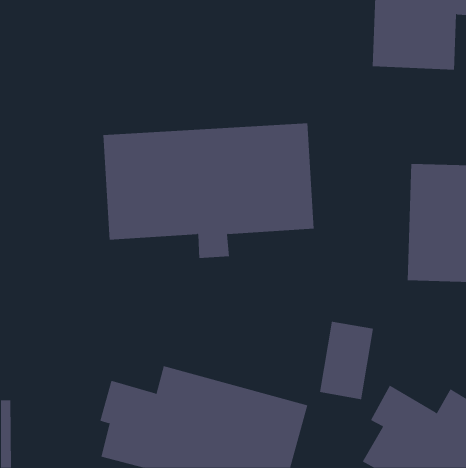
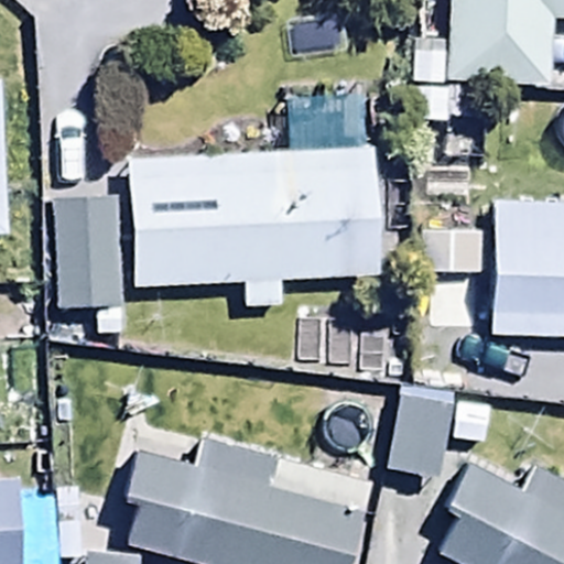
building: none -> [58,197,123,308]

